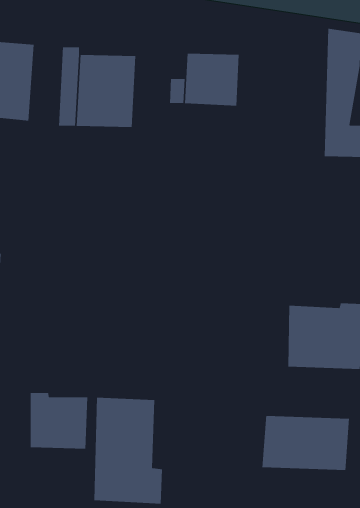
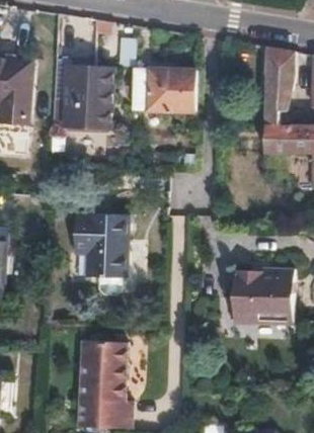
building: none -> [75,209,129,277]
building: [30,392,88,449] -> none
building: [262,415,350,471] -> none

